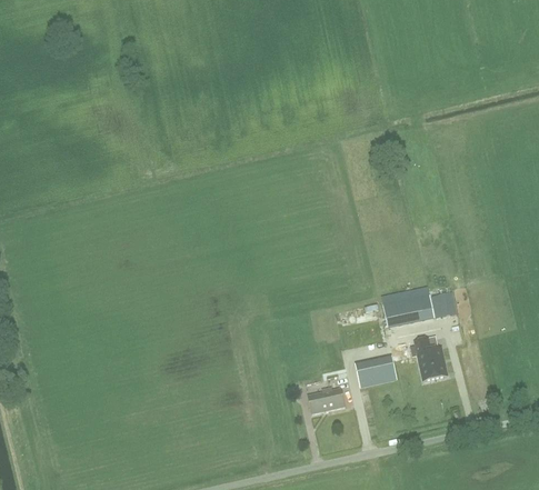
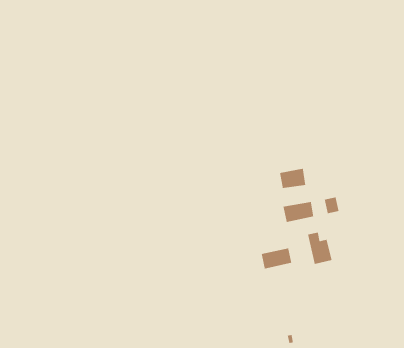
building: none -> [279,168,306,189]
building: [308,386,345,412] -> none

